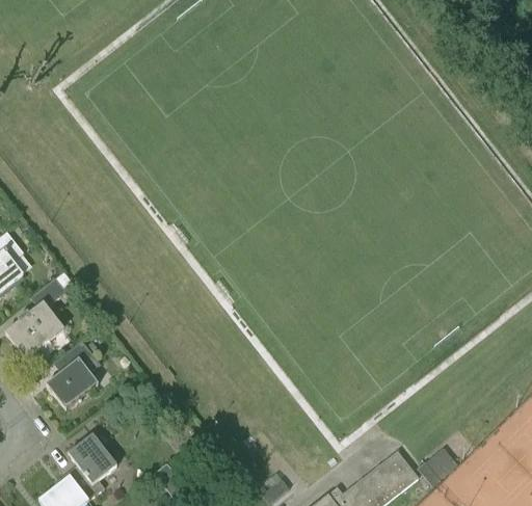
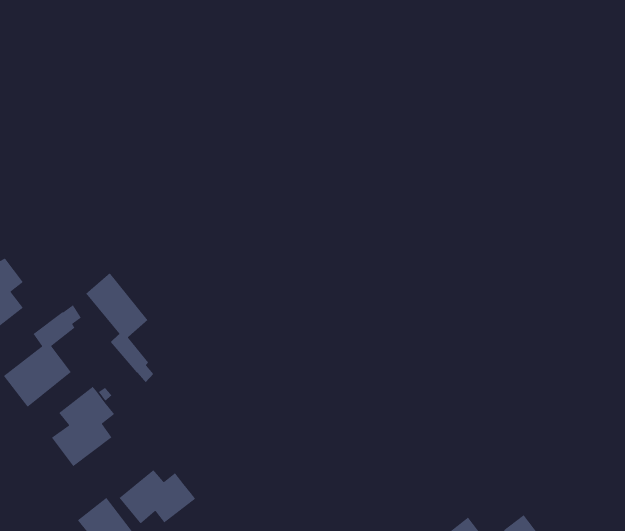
building: none -> [85,272,154,383]
building: none -> [119,469,196,525]

